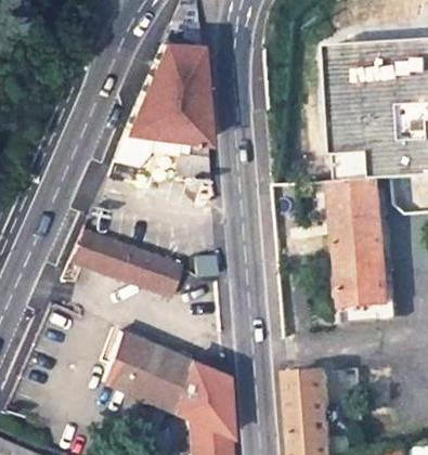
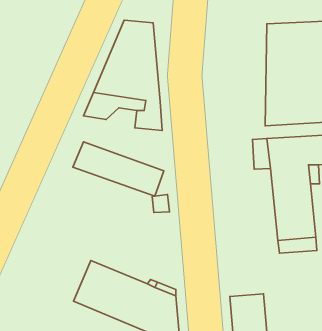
building: [66,230,176,295] -> [73,142,164,196]

